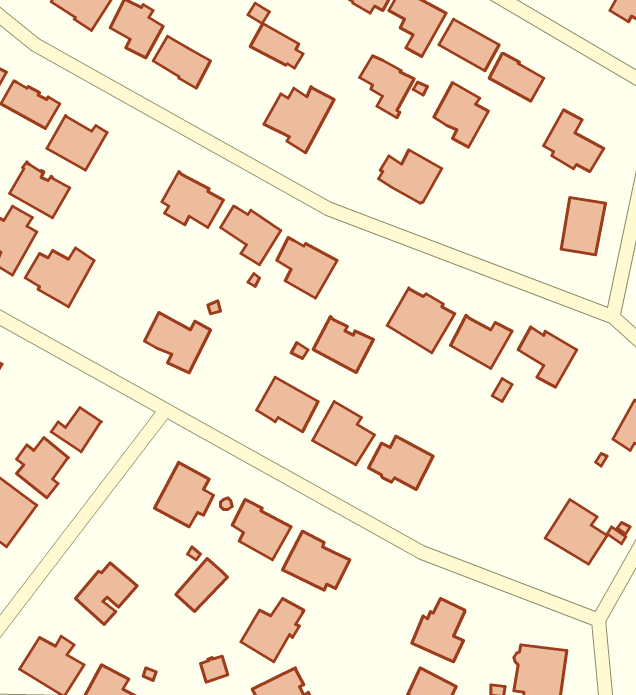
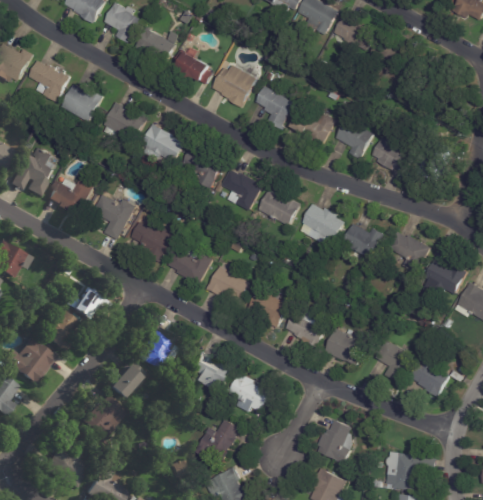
building: [250,24,303,68] -> [176,53,213,84]
building: [360,56,414,118] -> [256,87,294,130]
building: [434,82,489,147] -> [336,114,374,159]
building: [543,110,604,172] -> [372,130,414,173]
building: [10,162,70,218] -> [104,100,146,139]
building: none -> [92,192,135,238]
building: [313,317,373,373] -> [258,186,300,225]
building: none -> [168,248,213,284]
building: none -> [419,259,466,303]
building: none -> [325,328,367,364]
building: none -> [375,339,413,382]
building: [176,558,227,612] -> [107,359,143,396]

